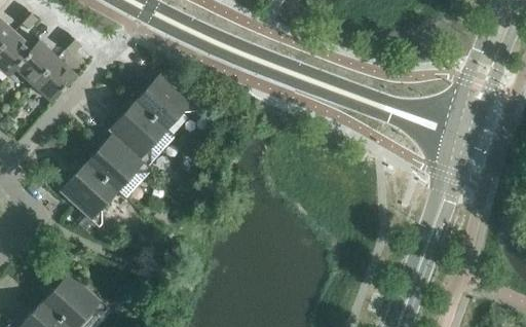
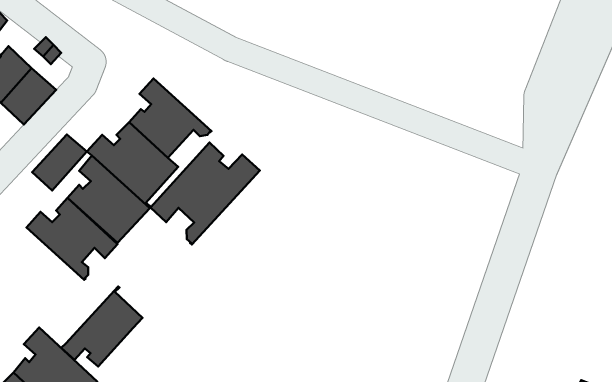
building: none -> [32,135,87,191]
building: none -> [150,142,260,245]
building: none -> [61,286,143,366]

